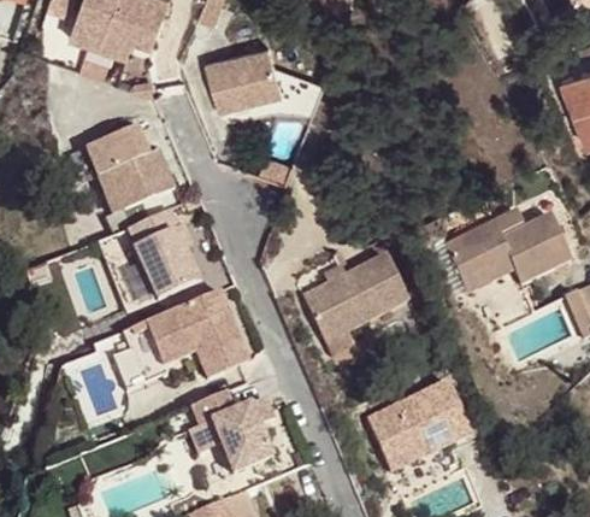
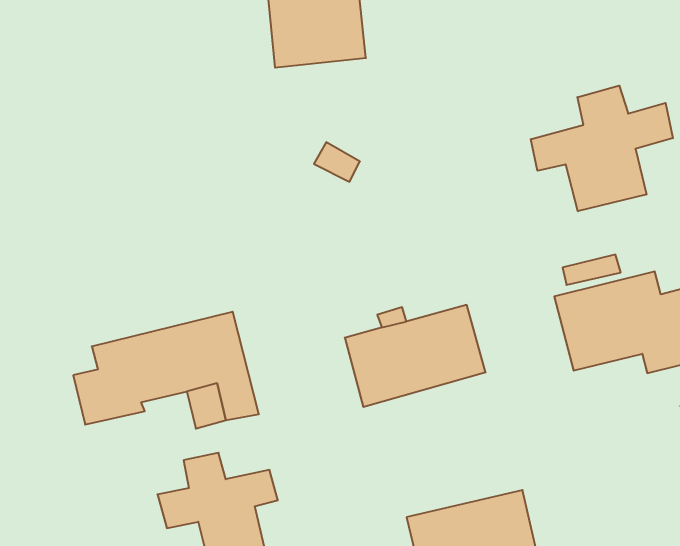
building: none -> [531,86,673,211]
building: [85,125,176,212] -> none
building: [128,207,203,299] -> none

